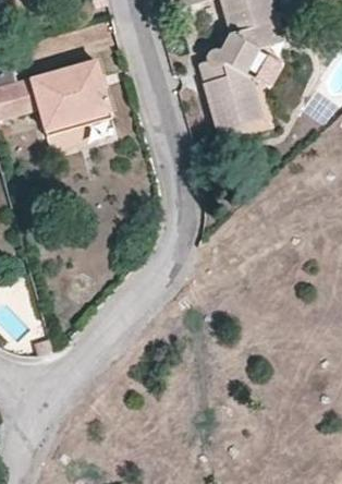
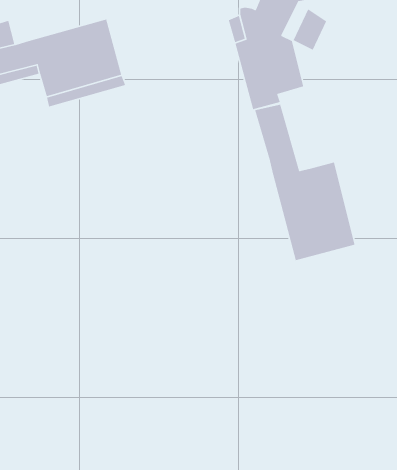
building: none -> [254,104,355,261]

